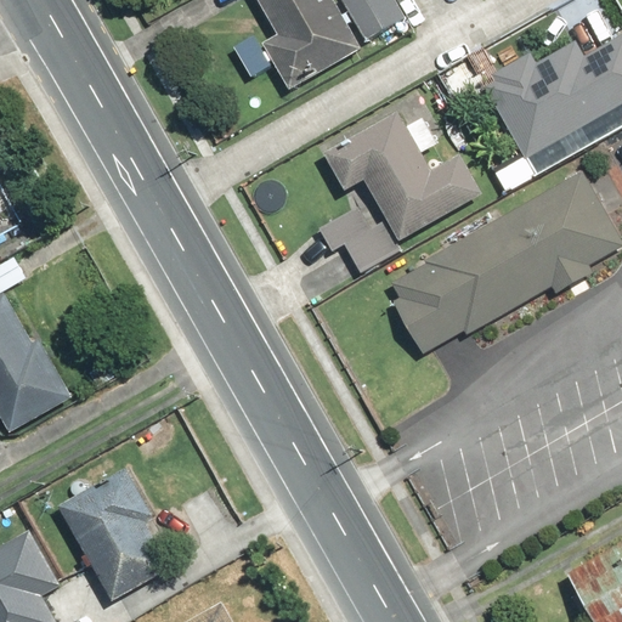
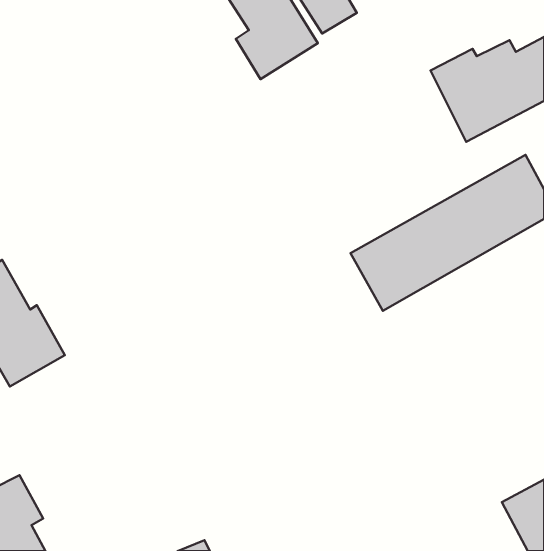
building: [318,112,488,272] -> none
building: [61,471,177,599] -> none

